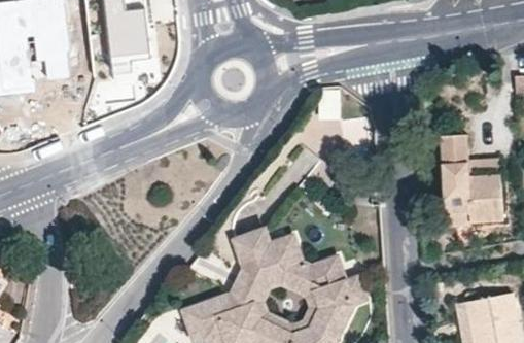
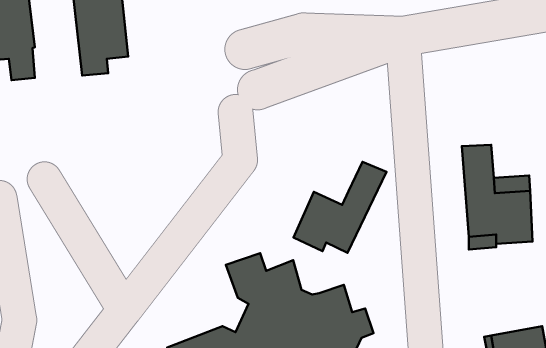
building: none -> [293,162,386,253]

